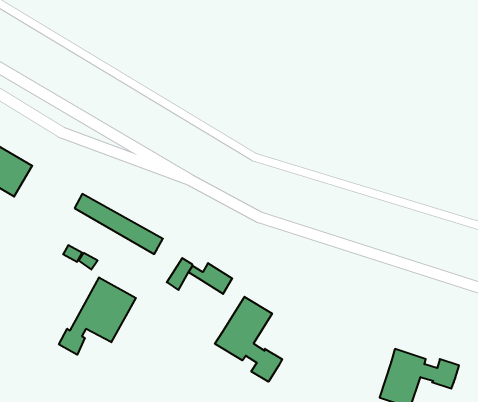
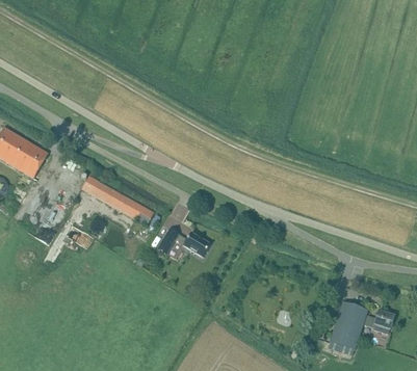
building: [59,277,136,355] -> none
building: [215,297,282,382] -> none

